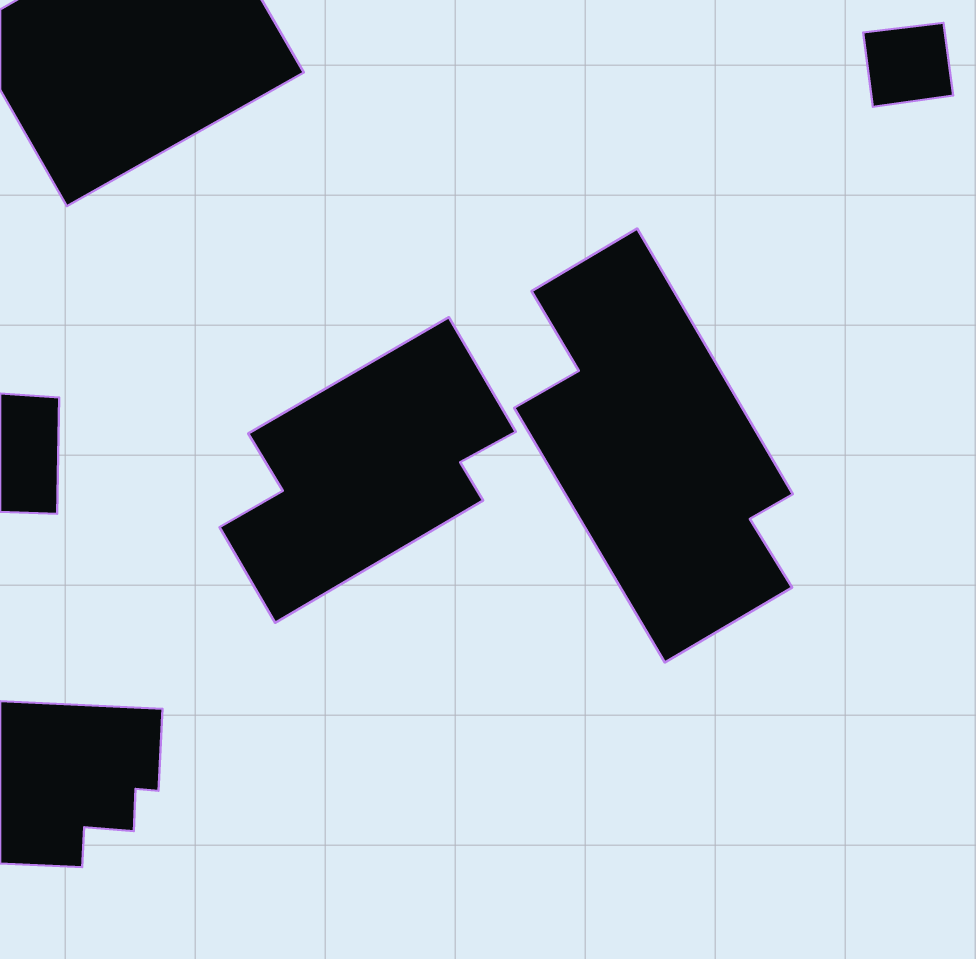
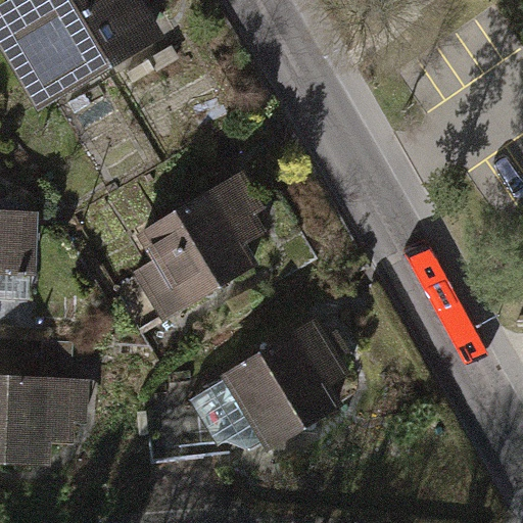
building: [514,229,793,663] -> none
building: none -> [219,319,346,453]

